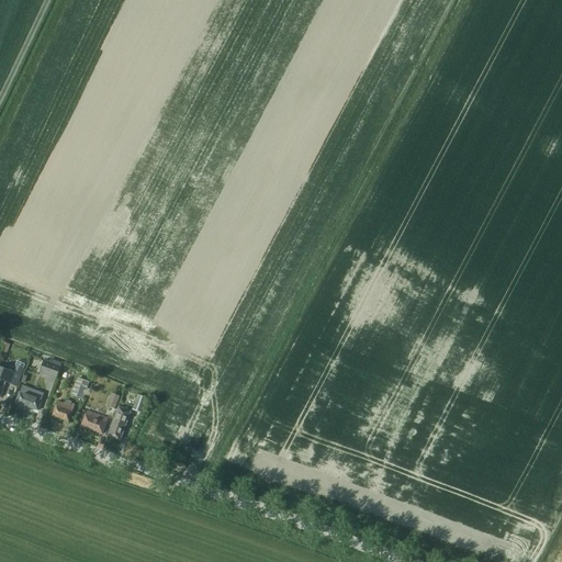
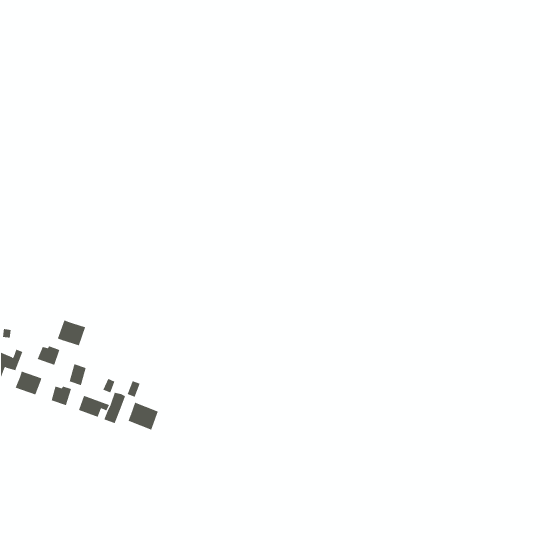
building: none -> [57,320,86,346]
building: none -> [128,402,159,430]

